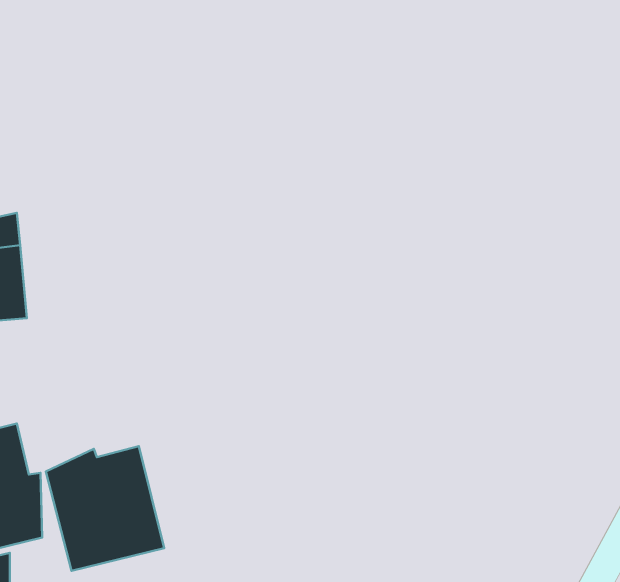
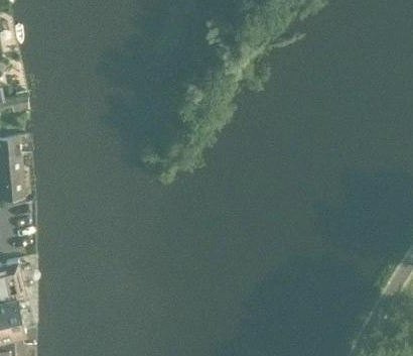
building: [46,446,164,571] -> none

